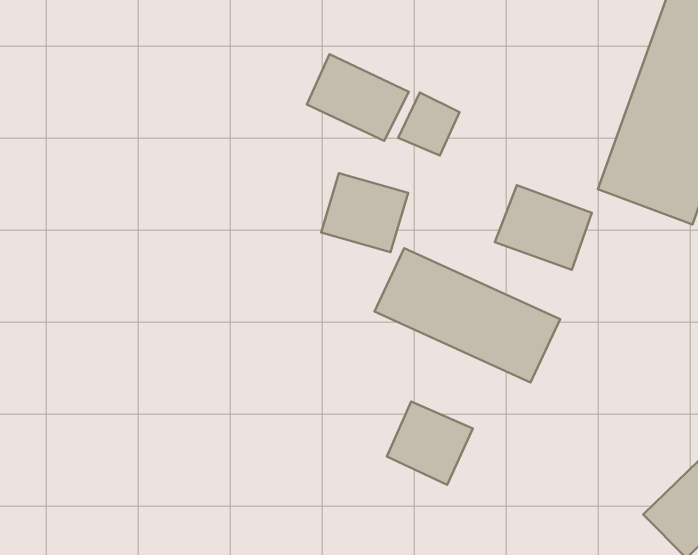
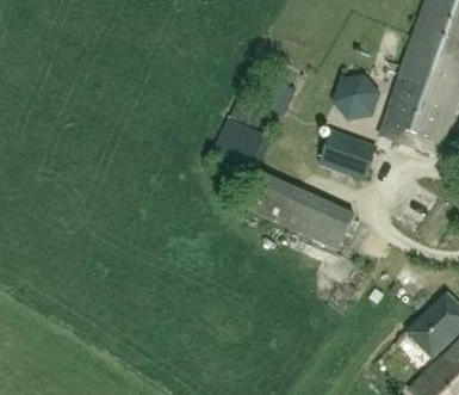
building: [307,54,409,141] -> none
building: none -> [331,73,378,121]
building: [387,401,473,485] -> none

